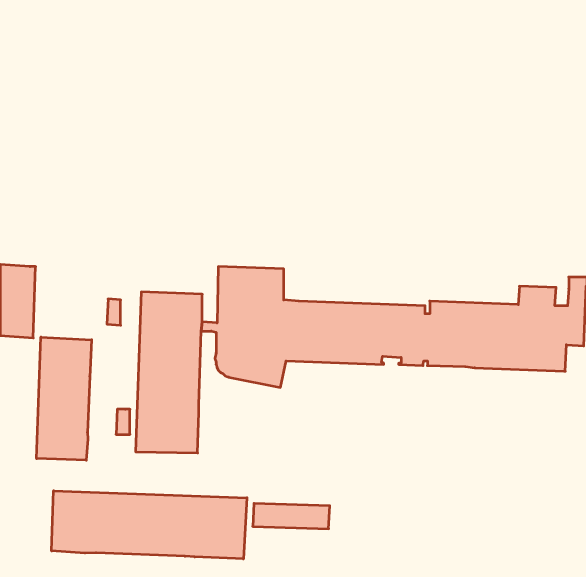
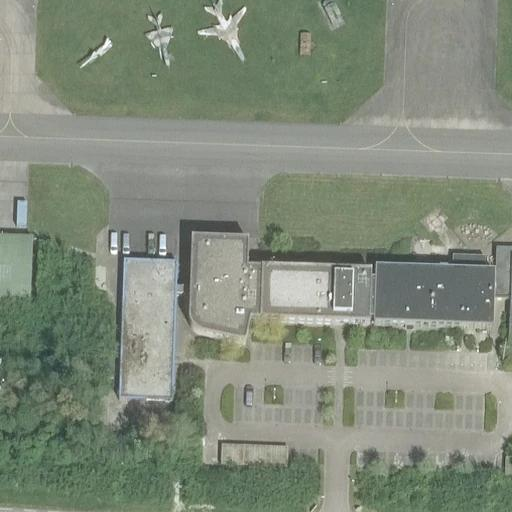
building: [37,337,92,460] -> none
building: [52,491,247,559] -> none

